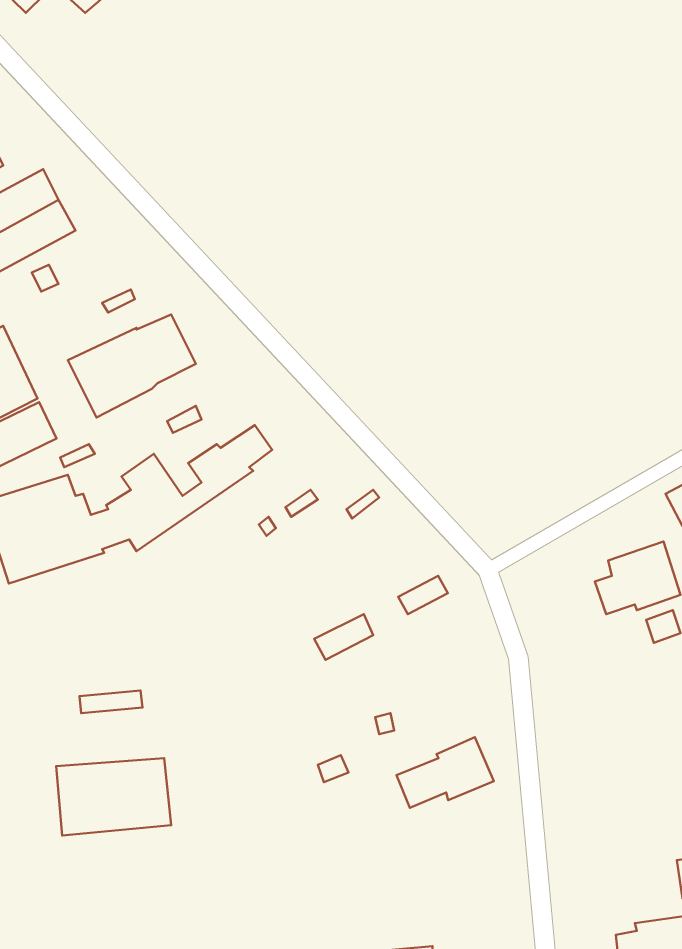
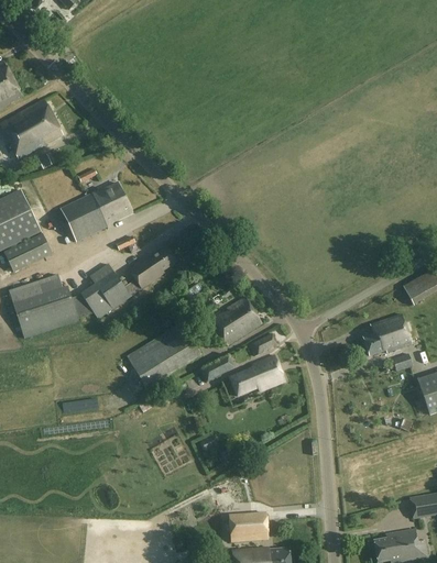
building: none -> [210,297,262,345]
building: none -> [127,322,204,388]
building: [396,737,494,808] -> [229,355,285,396]
building: [56,758,171,835] -> none
building: none -> [229,511,267,541]

